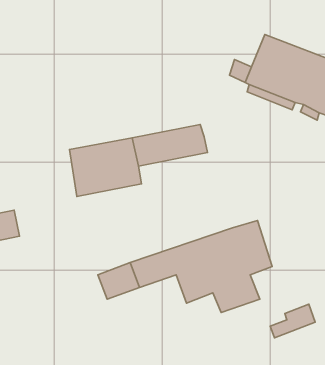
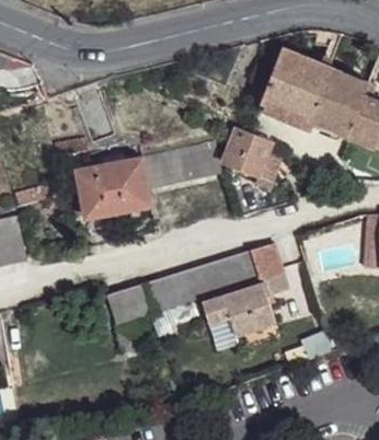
building: none -> [225,128,272,175]

